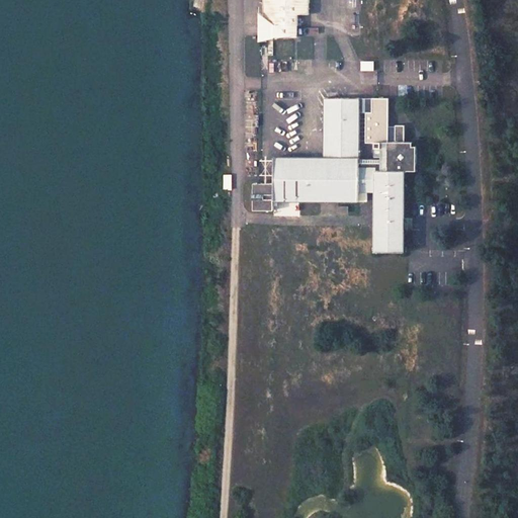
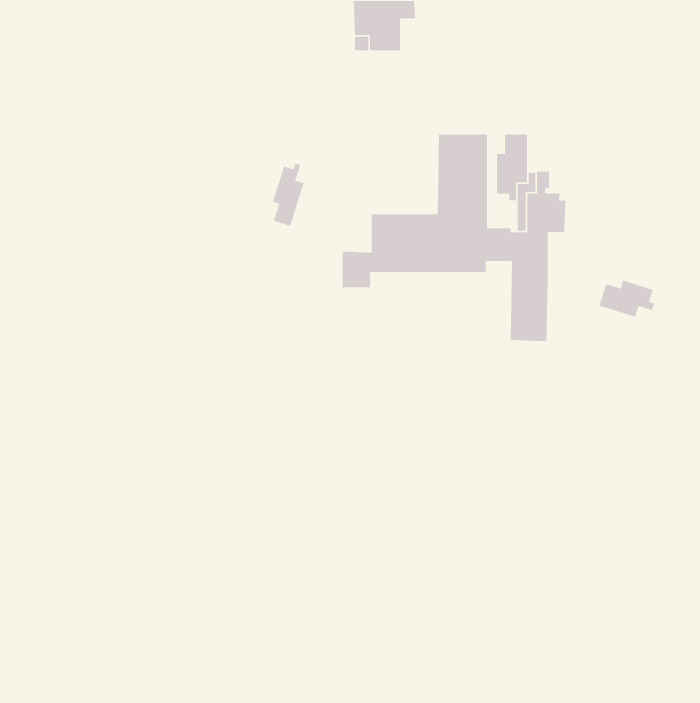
building: none -> [272,162,305,227]
building: none -> [598,280,655,318]

